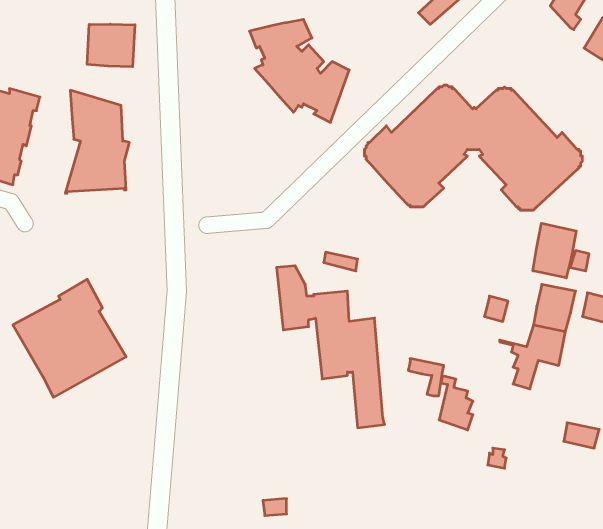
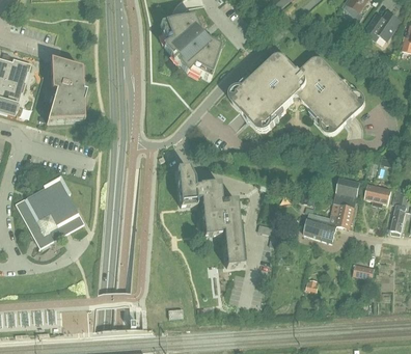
building: [87,24,135,67] -> none
building: [533,223,576,278] -> none
building: [439,376,473,430] -> [304,205,325,238]

